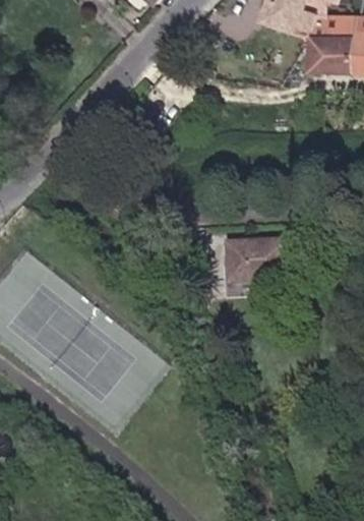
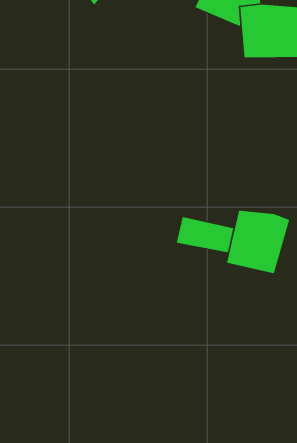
building: none -> [226,210,290,274]

